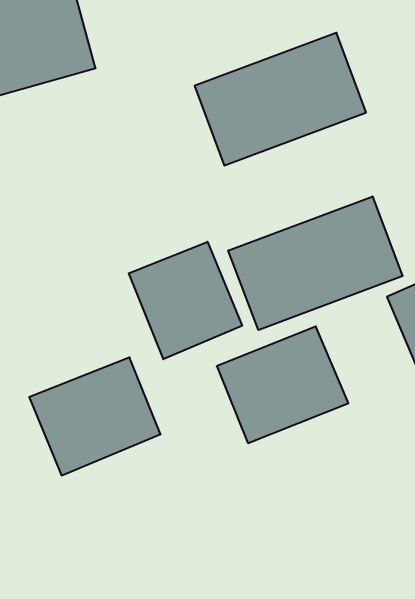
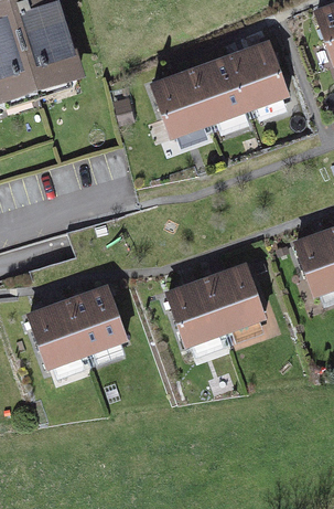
building: [228,196,403,330] -> none
building: [129,242,242,359] -> none

